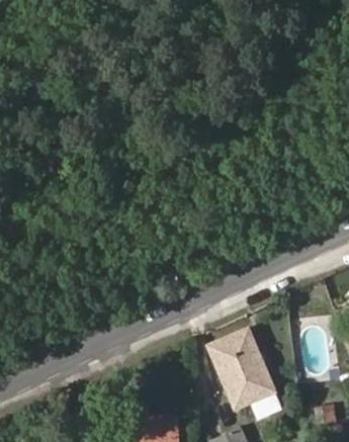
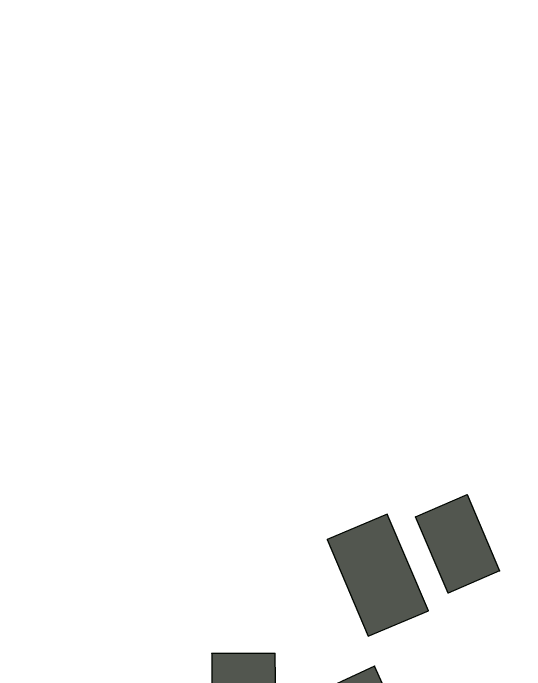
building: none -> [416,495,500,593]

